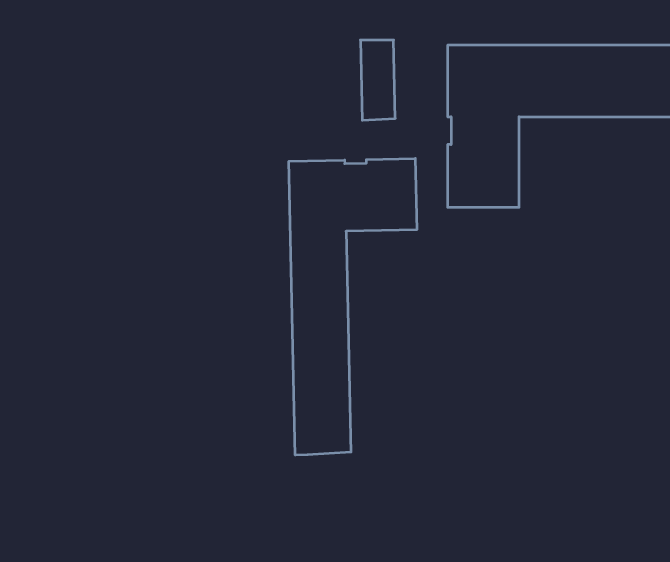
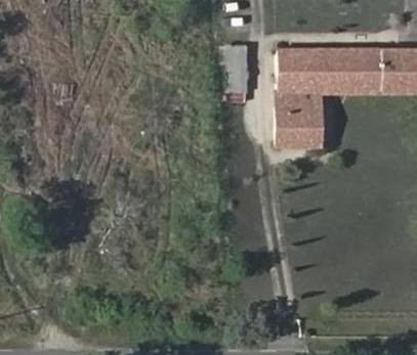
building: [289,158,417,455] -> none

